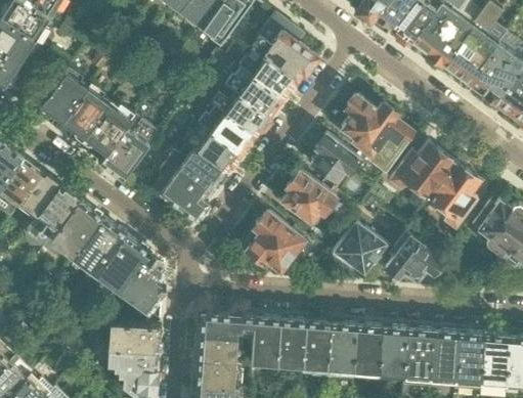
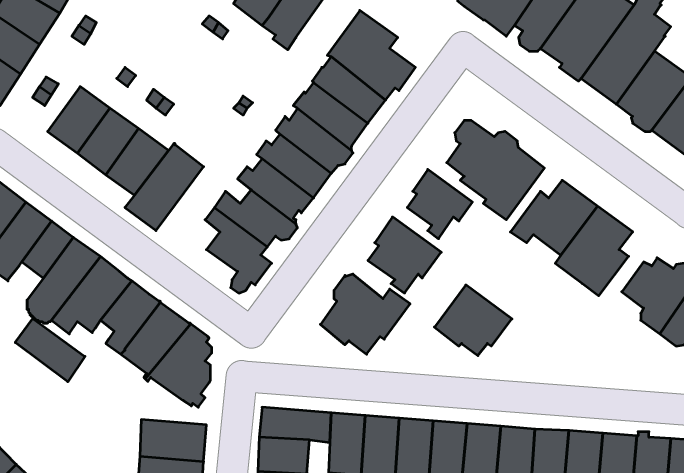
building: [386,233,452,283] -> none
building: none -> [15,319,85,382]

